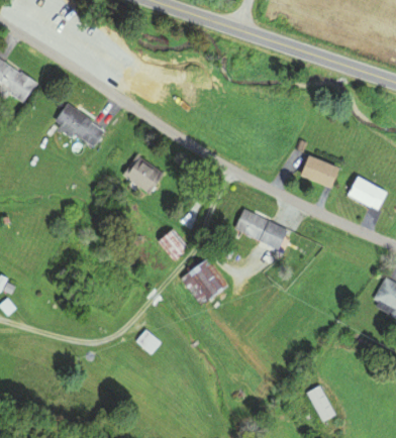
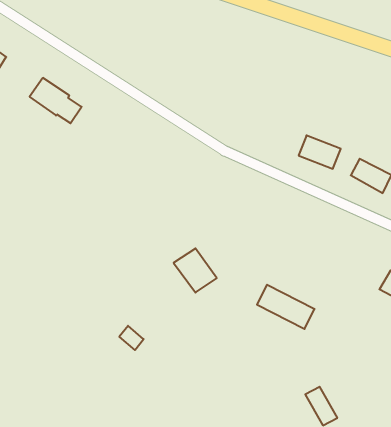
building: [124,156,165,194] -> none
building: [235,210,288,250] -> [257,285,315,329]
building: [159,229,188,260] -> none

